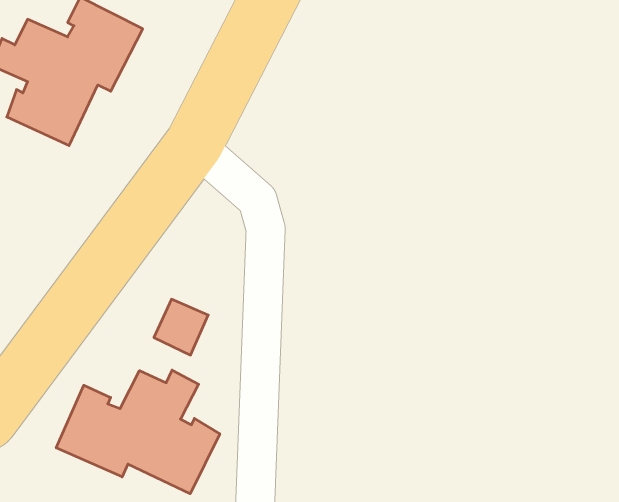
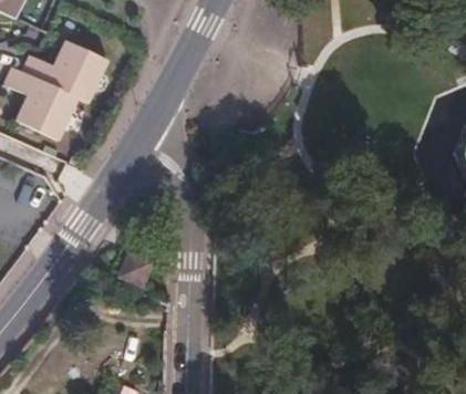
building: [56,370,220,494] -> none

